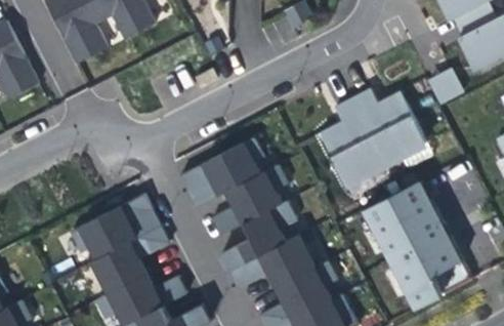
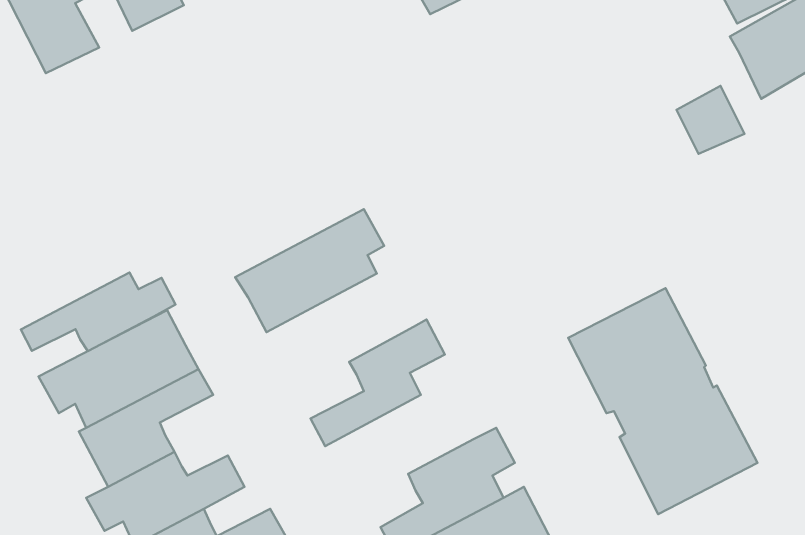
building: [319,88,425,184] -> none
building: [211,163,287,235] -> none
building: none -> [21,273,176,351]
building: [230,235,313,288] -> none

